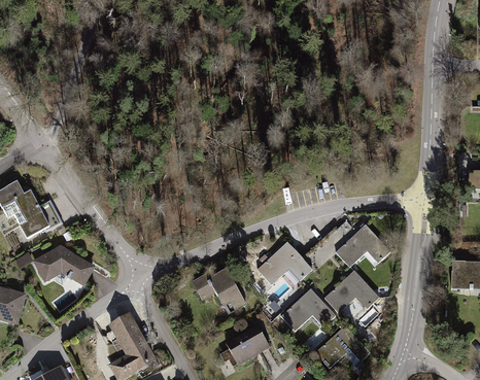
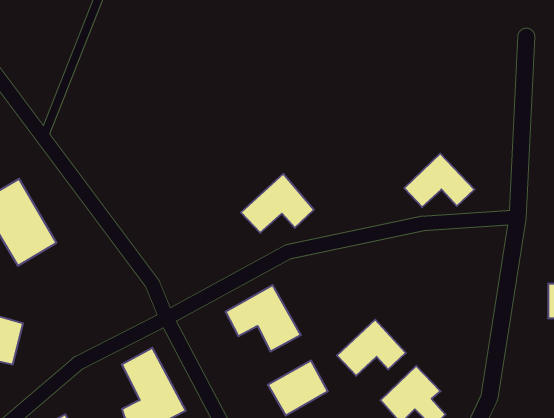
building: [336,222,392,266] -> [404,154,475,207]
building: [254,239,313,286] -> [241,174,314,233]
building: [27,244,100,288] -> none
building: [323,272,379,315] -> none

